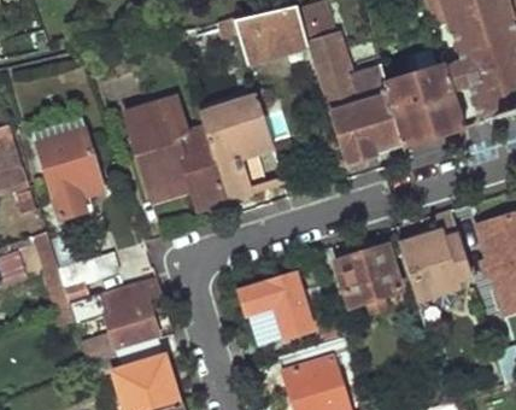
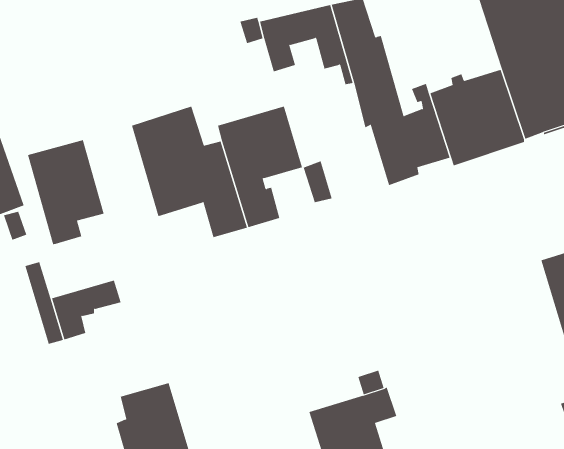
building: [400,211,471,300] -> none
building: [335,246,398,306] -> none
building: [81,274,164,355] -> none
building: [241,276,311,347] -> none

